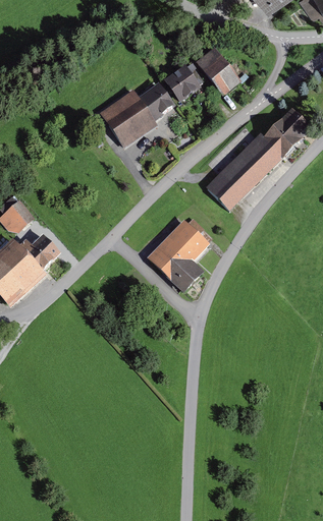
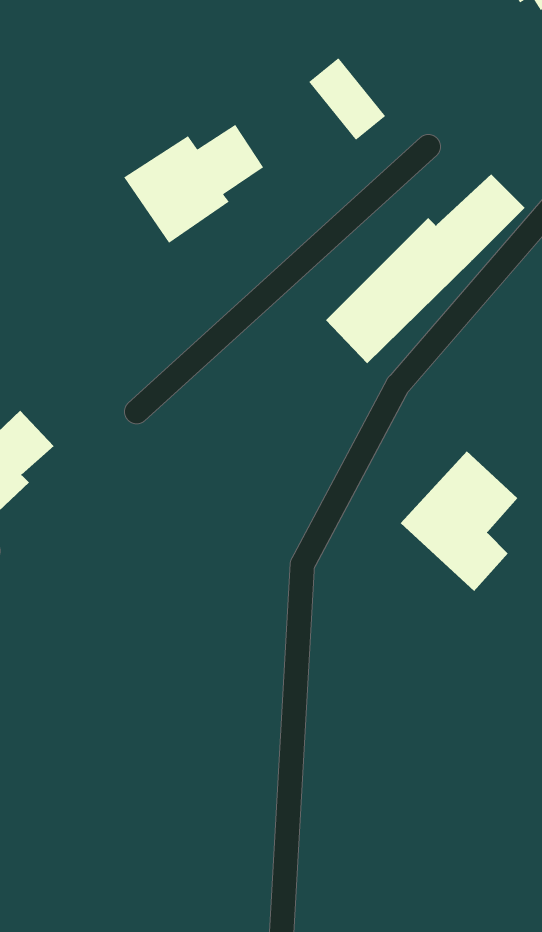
building: [159,66,197,104] -> none
building: [149,219,212,294] -> [400,451,518,592]

